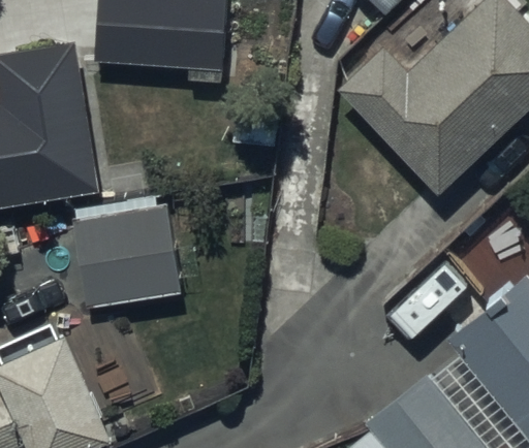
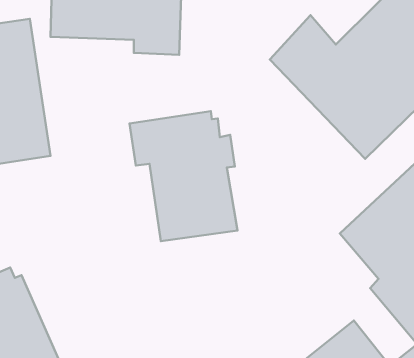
building: none -> [129,111,238,241]
building: [71,199,183,311] -> none

